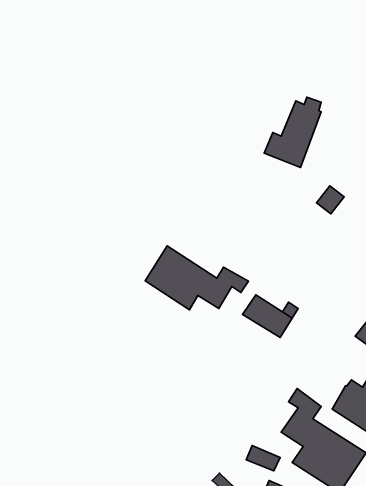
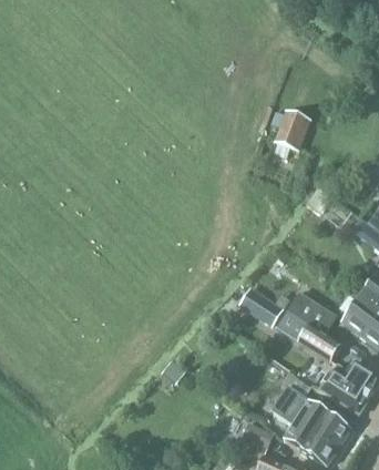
building: [145,246,248,310] -> none
building: none -> [276,290,341,360]

